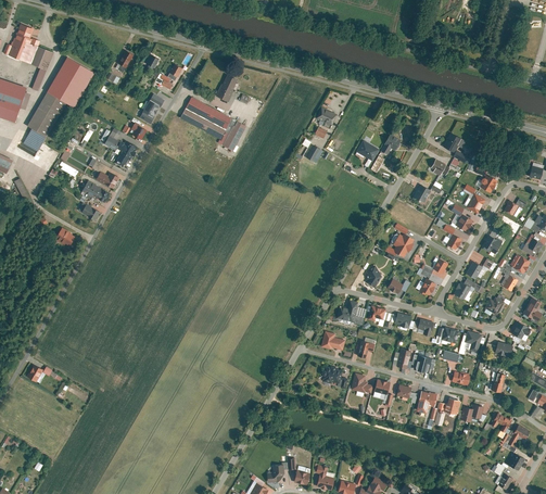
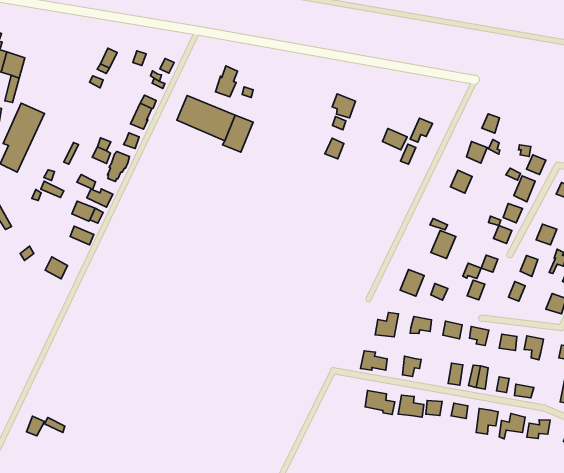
building: [47,58,93,107] -> none

